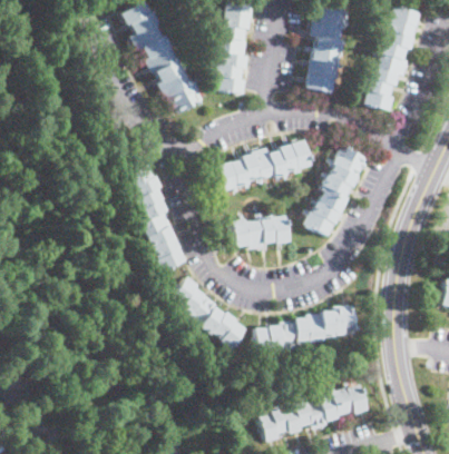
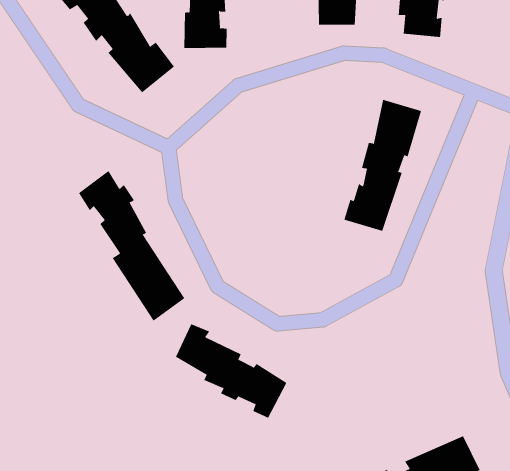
building: [218,139,312,191] -> none
building: [233,214,291,249] -> none
building: [256,305,358,355] -> none

